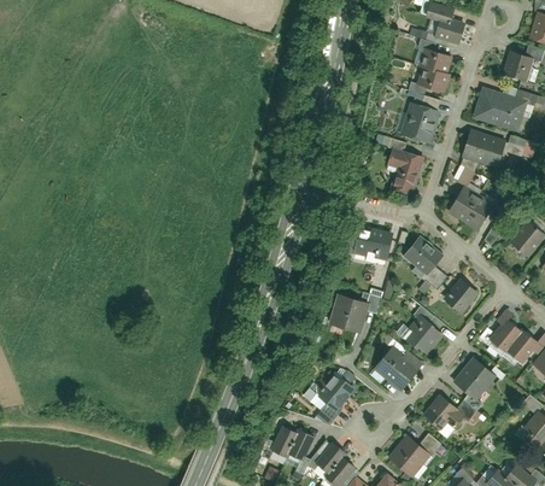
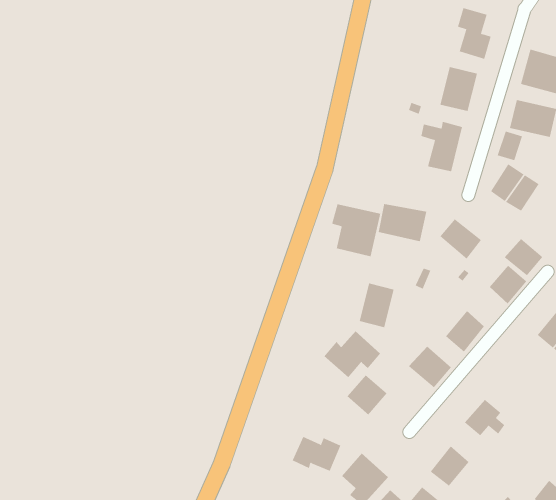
building: none -> [331,204,381,257]
building: none -> [504,238,543,276]
building: none -> [324,331,381,378]
building: [456,358,497,399] -> none

